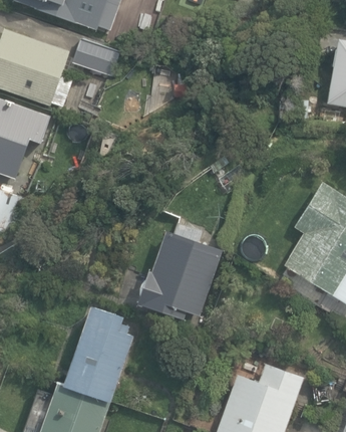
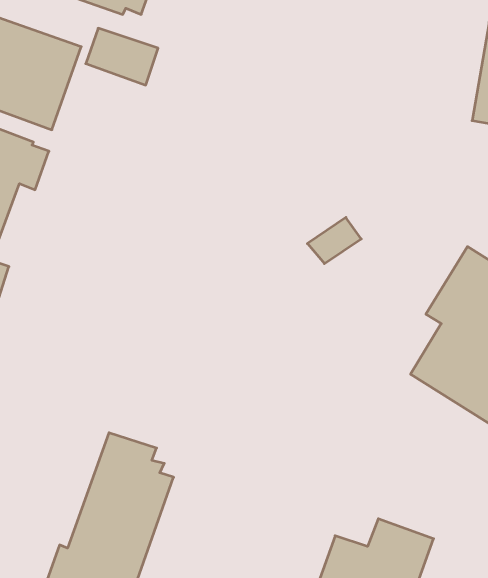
building: [138,224,223,320] -> none

